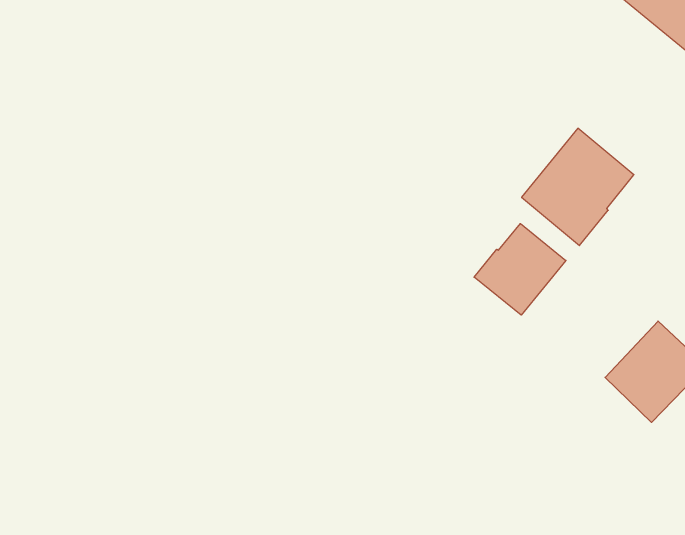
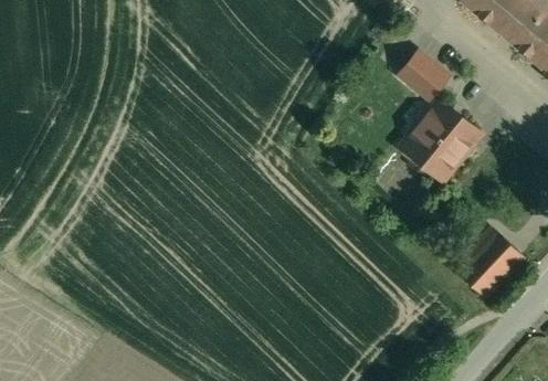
building: none -> [399,50,449,98]
building: [474,224,566,315] -> none

